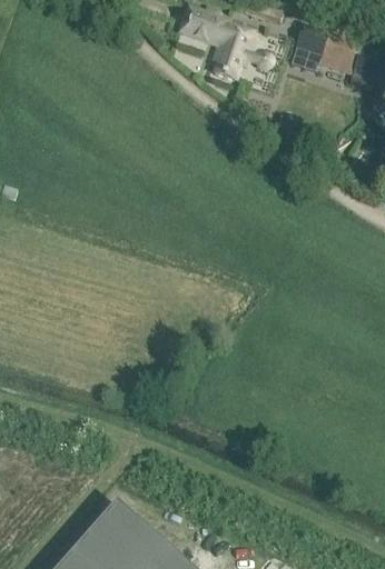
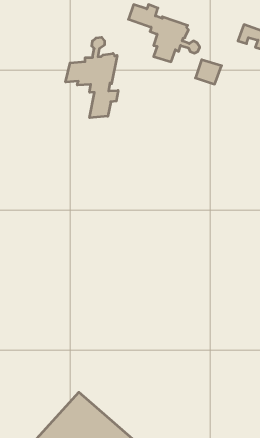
building: [295,28,328,59] -> [195,60,222,84]
building: none -> [66,37,118,118]

